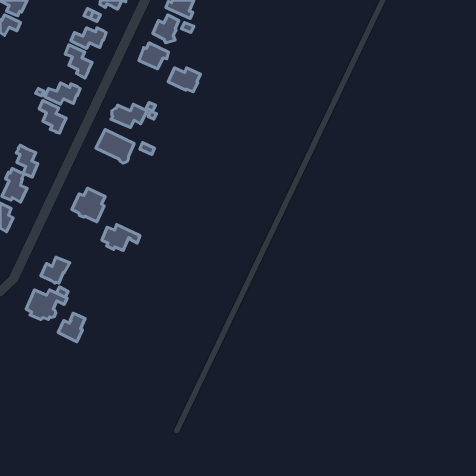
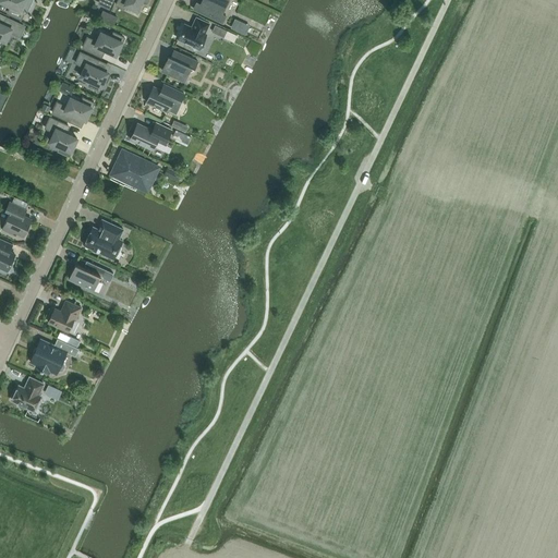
building: [168,68,201,92] -> [146,86,184,114]
building: [16,145,38,177] -> none
building: [102,224,140,251] -> [69,260,113,291]
building: [58,313,85,342] -> [12,377,44,411]

